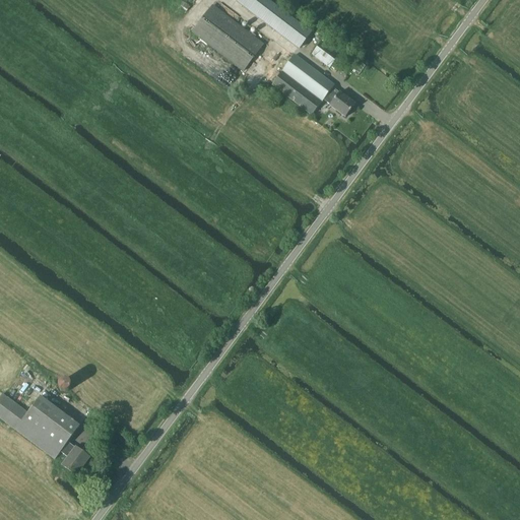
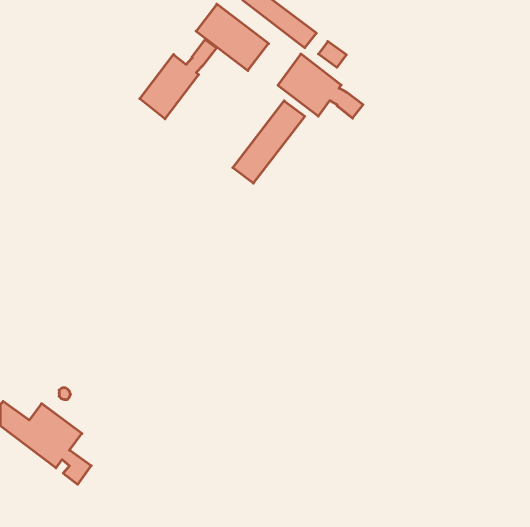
building: none -> [140,39,216,119]
building: none -> [233,101,305,183]

